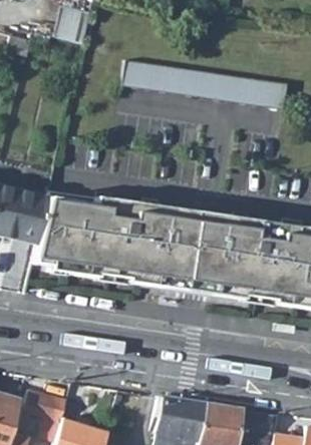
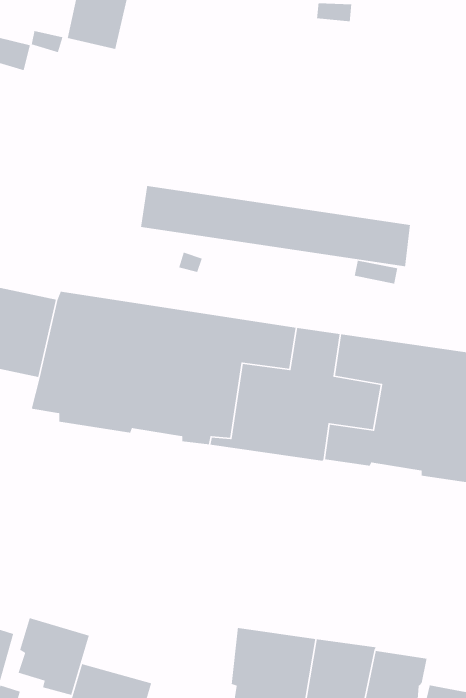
building: [121,60,287,110] -> [140,185,411,267]

